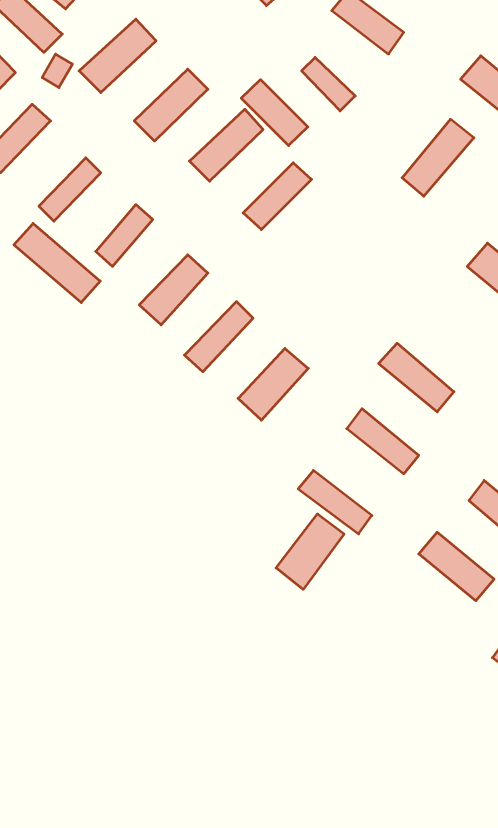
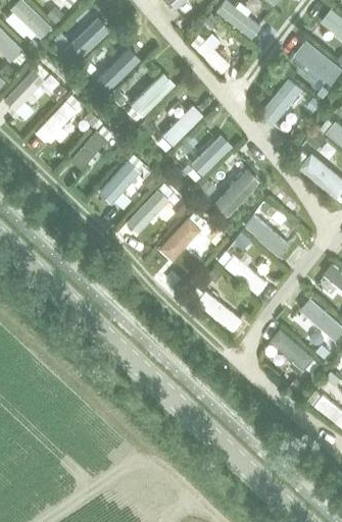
building: [241,80,308,146] -> none
building: none -> [191,136,232,175]
building: [14,223,100,303] -> none
building: none -> [214,169,261,216]
building: [276,514,344,589] -> none

